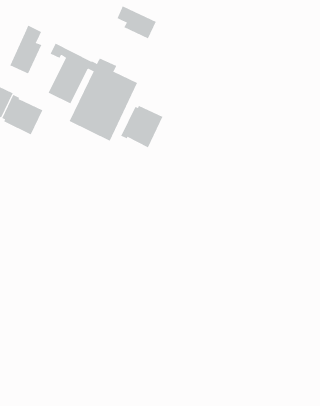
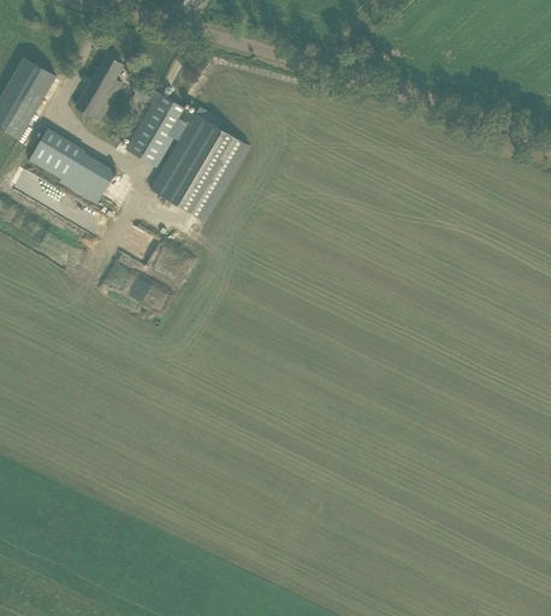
building: [117,5,156,39] -> none
building: [121,105,163,148] -> none

